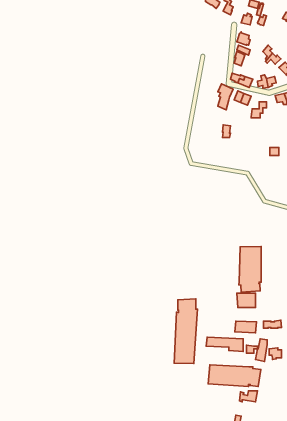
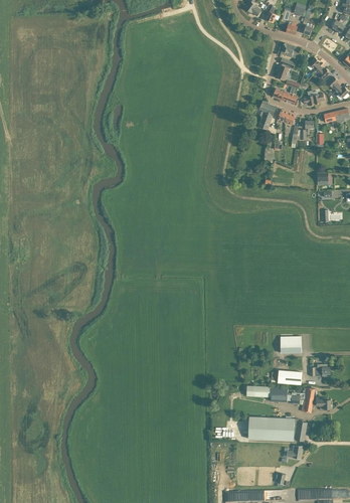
building: [239,246,261,292] -> none
building: [174,299,198,364] -> none

